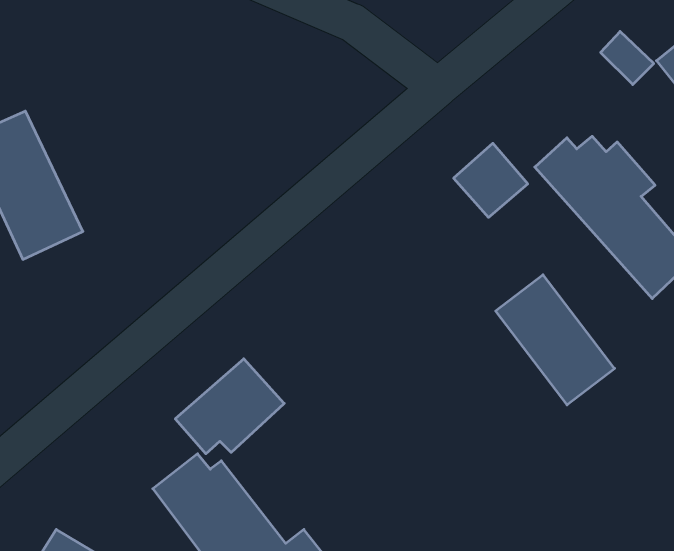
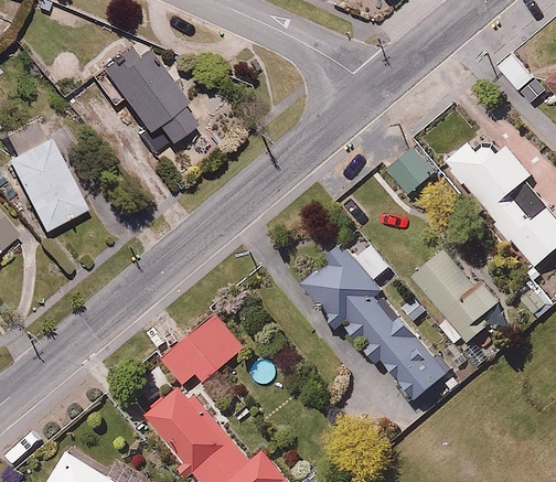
building: none -> [87,43,196,143]
building: none -> [293,236,464,407]

